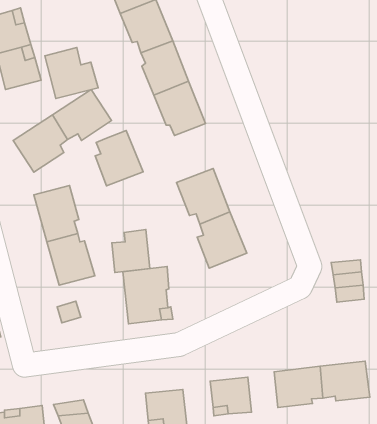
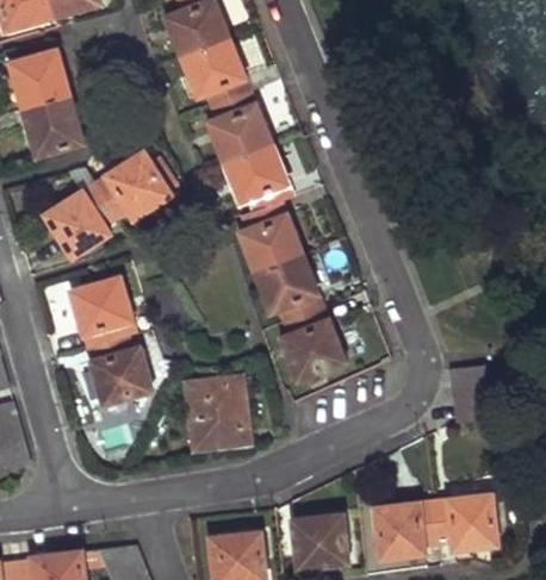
building: [45,48,98,99] -> none
building: [95,130,143,186] -> [238,200,299,270]
building: [112,229,150,272] -> none

